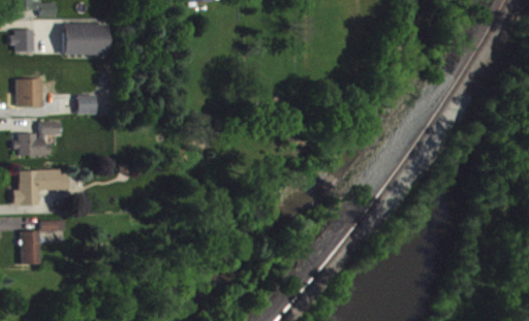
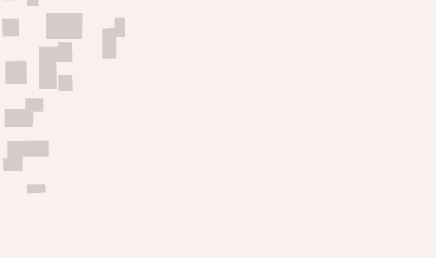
building: none -> [102,17,125,60]
building: none -> [39,41,73,90]
building: [21,231,39,264] -> none

